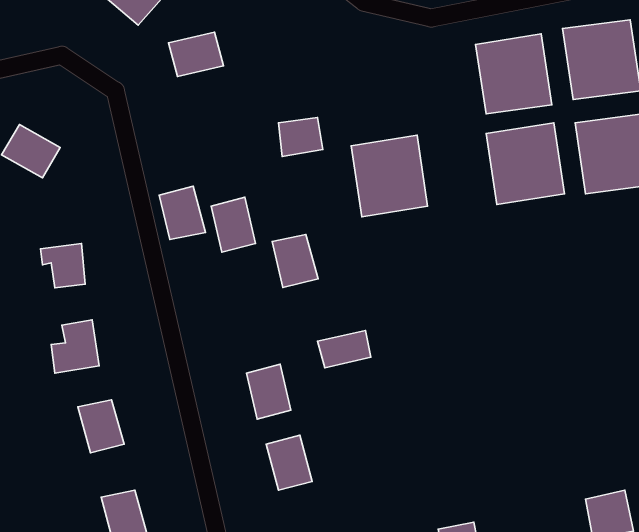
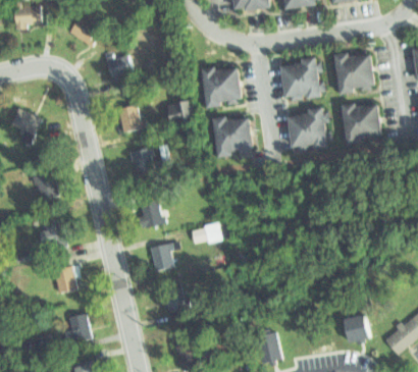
building: none -> [199,60,243,106]
building: [159,186,205,240] -> [116,105,143,136]
building: [272,234,318,288] -> [138,198,164,228]

